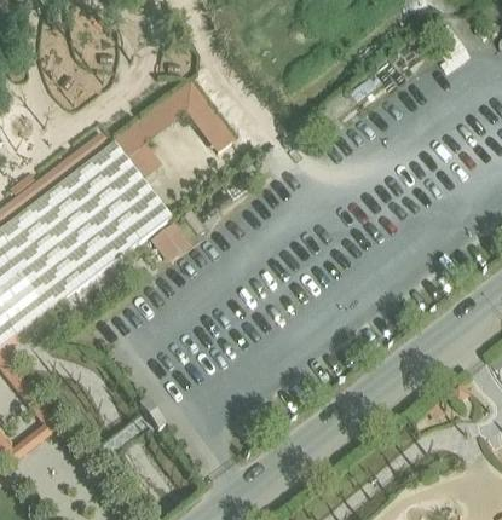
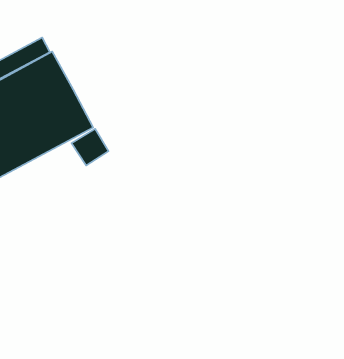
building: [112,80,236,179] -> none

